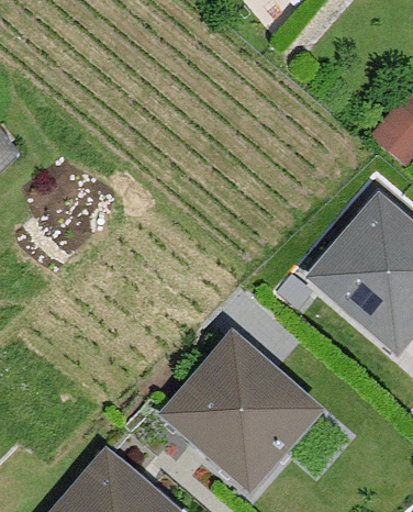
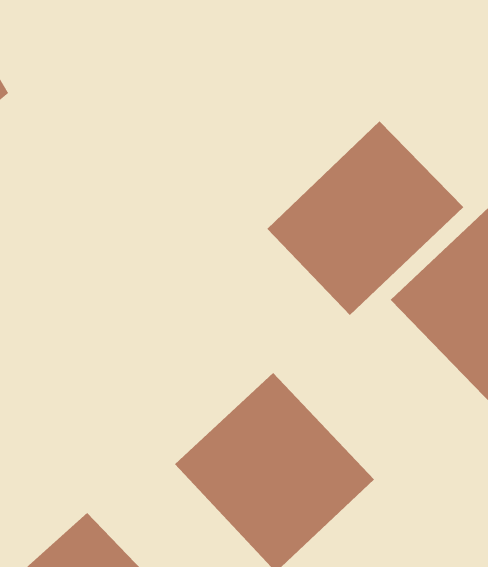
building: none -> [267,121,464,316]

